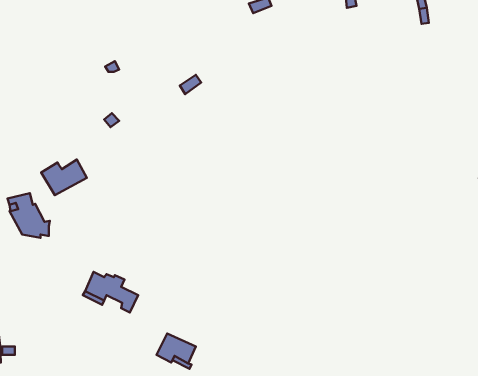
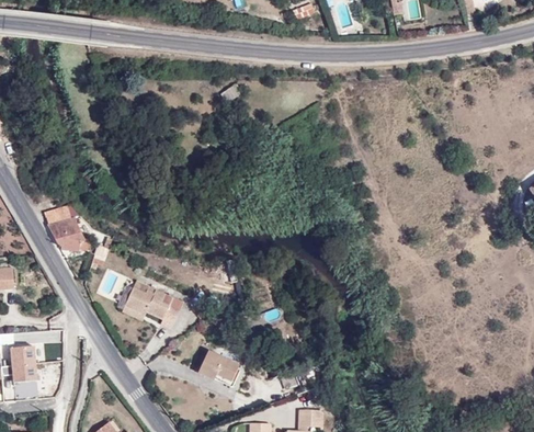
building: [41,159,87,195] -> none

